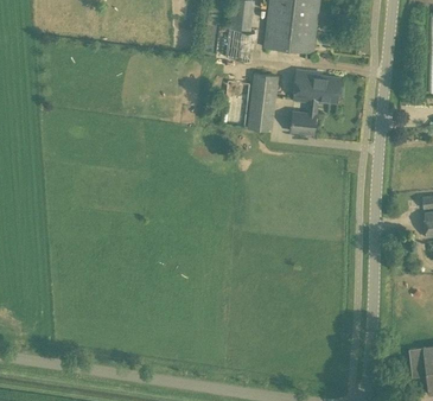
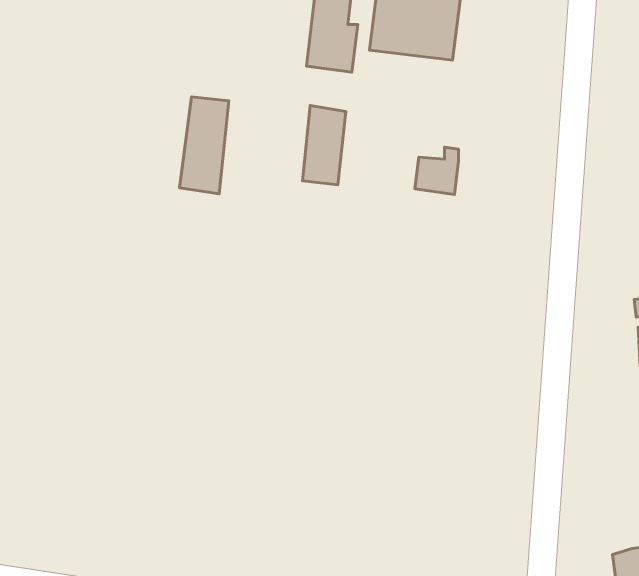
building: [293,70,337,107] -> none
building: [248,74,278,132] -> [180,97,229,194]

